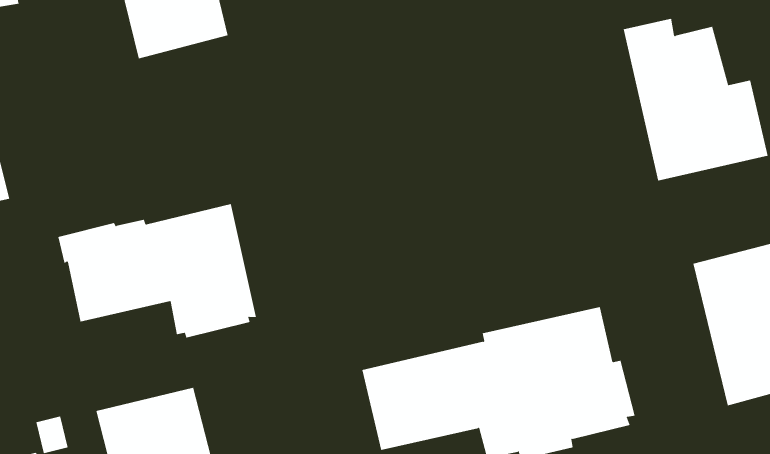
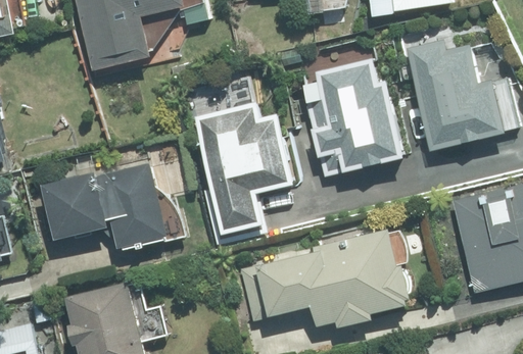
building: none -> [307,60,403,172]
building: none -> [195,103,293,240]

